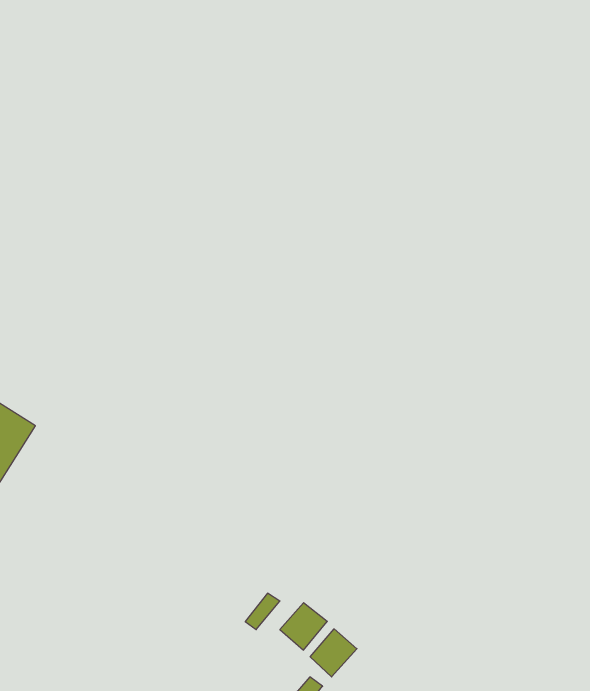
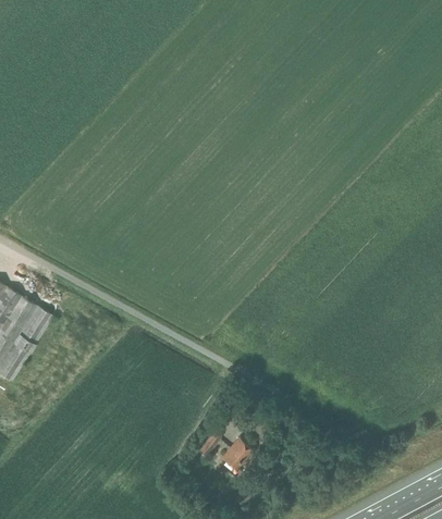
building: [310,629,357,677] -> none

